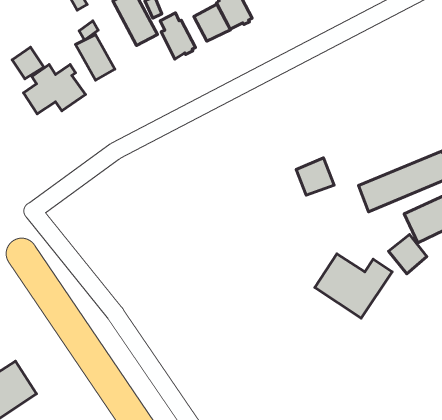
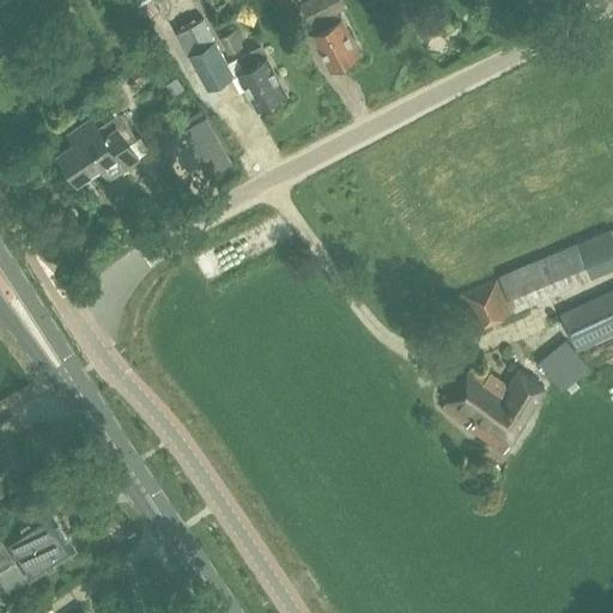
building: [194,4,231,41] -> none
building: [76,35,115,80] -> [182,123,233,183]
building: [12,47,44,79] -> none
building: [296,158,334,195] -> [460,280,510,329]

